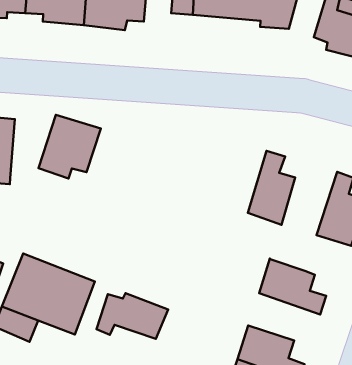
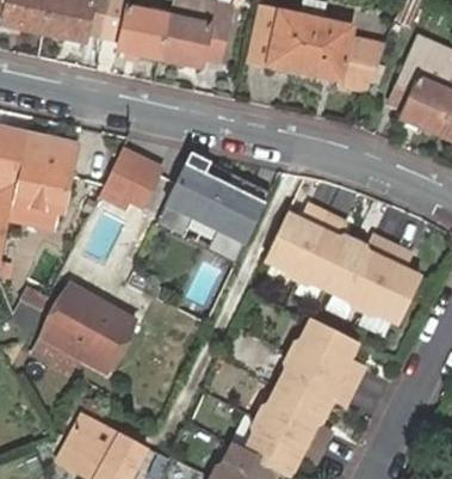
building: none -> [157,152,273,262]
building: none -> [266,203,326,271]
building: none -> [330,235,394,303]
building: [96,293,168,339] -> none
building: none -> [283,354,357,406]

